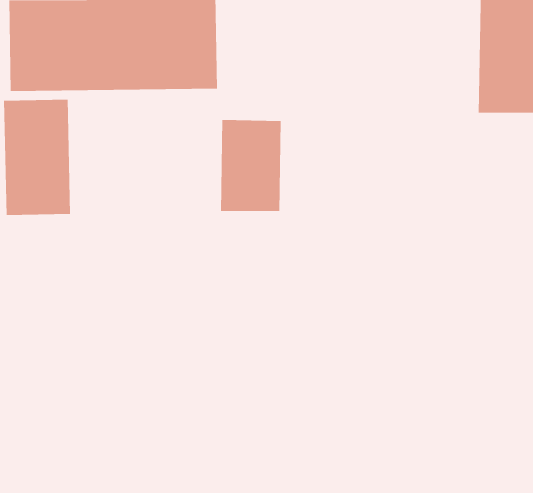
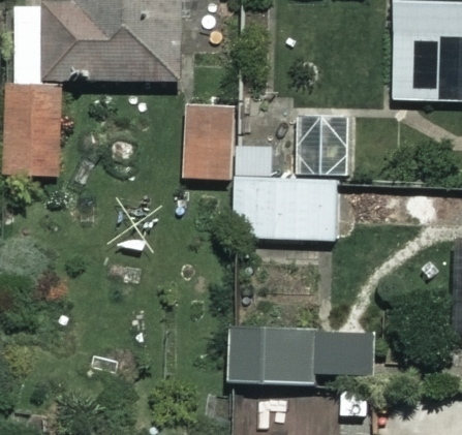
building: none -> [235,180,336,239]
building: none -> [229,329,374,385]

